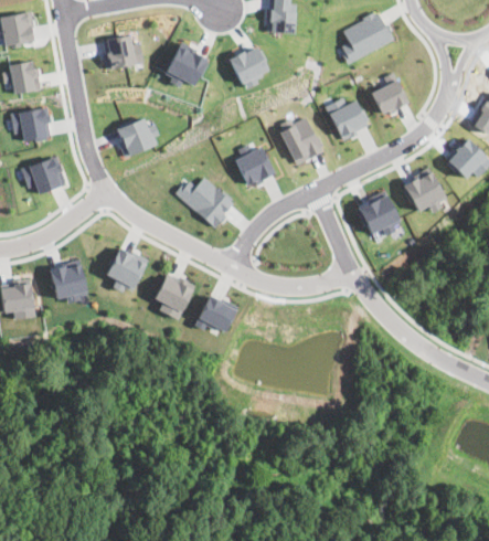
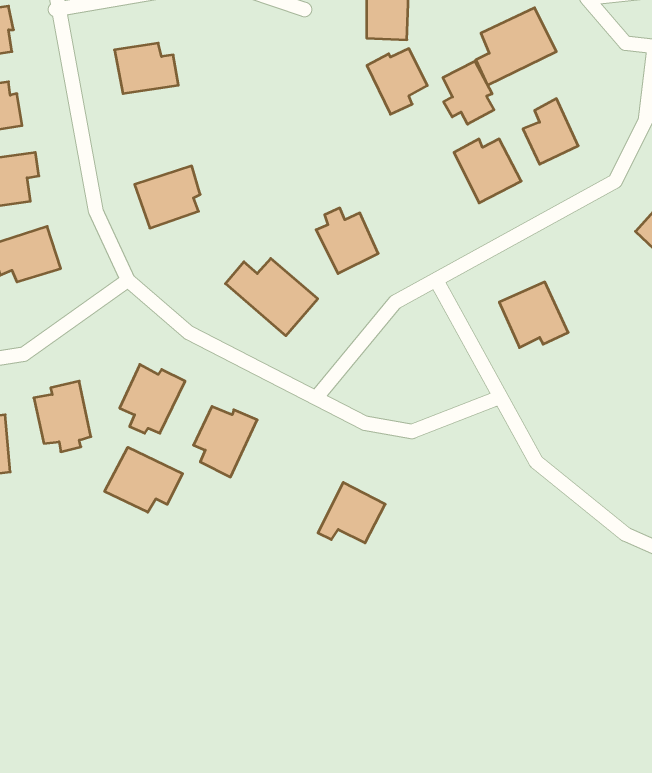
building: [164,44,208,86] -> none
building: [230,46,269,89] -> [367,49,427,114]
building: none -> [443,61,494,124]
building: [280,118,325,165] -> none
building: [400,168,447,212] -> none
building: [194,293,238,332] -> [318,482,385,543]
building: none -> [105,447,183,512]

